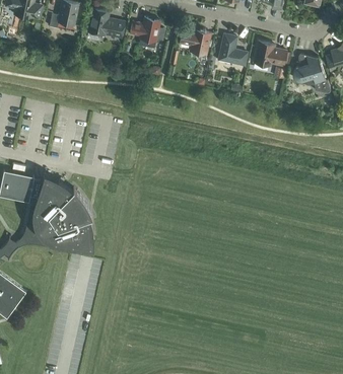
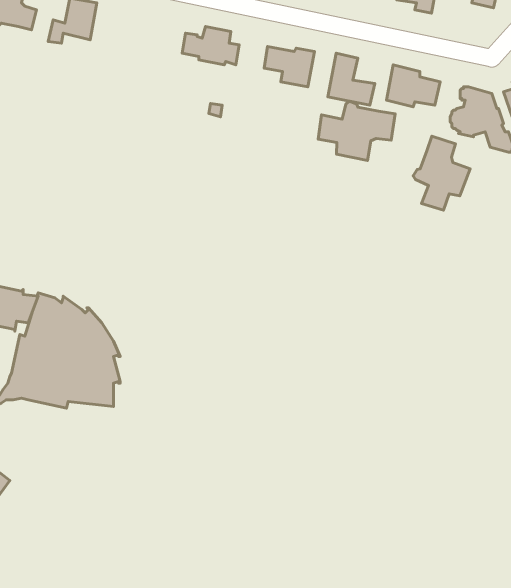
building: [87,8,125,38] -> none
building: none -> [318,101,395,160]
building: none -> [413,136,470,210]

